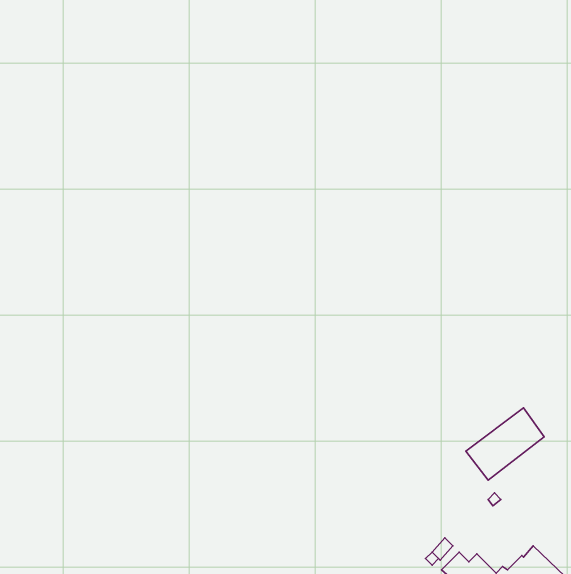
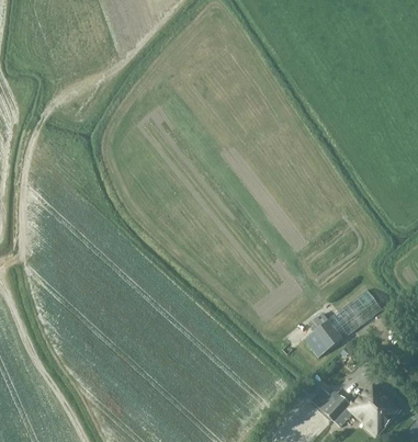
building: none -> [304,314,342,359]

